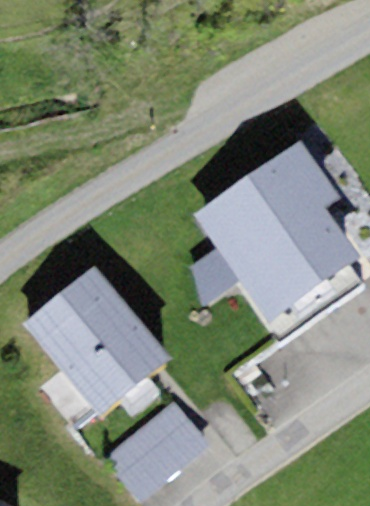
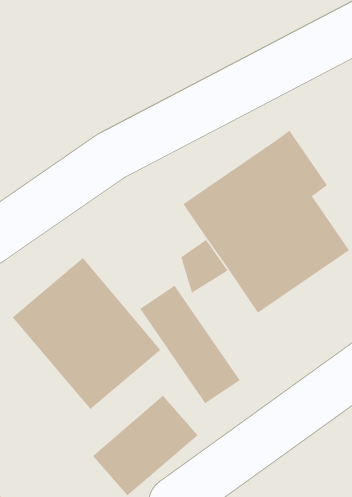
building: none -> [139,285,240,404]

